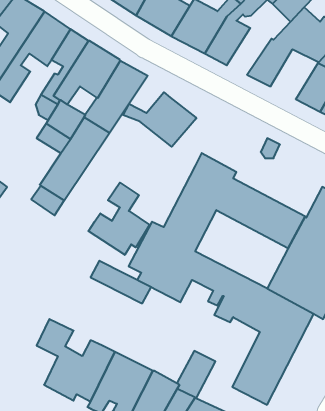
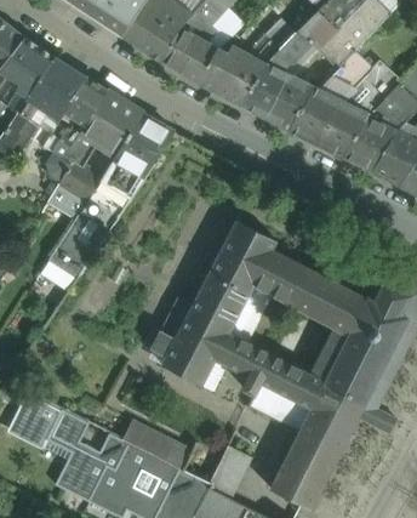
building: none -> [264,76,315,130]
building: none -> [314,101,370,158]
building: [123,92,196,147] -> none
building: [88,183,149,255] -> none
building: [91,261,151,303] -> [121,421,190,469]
building: none -> [10,393,61,444]

